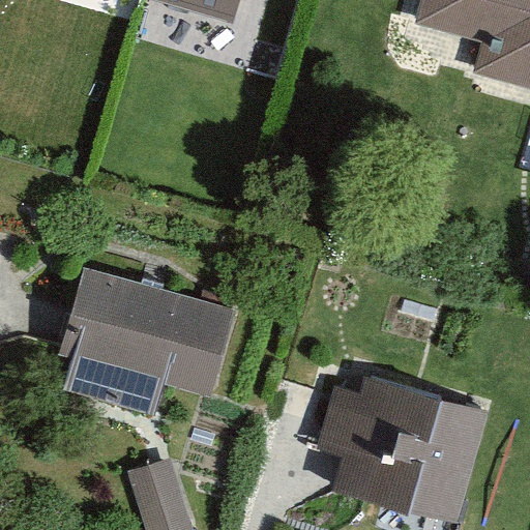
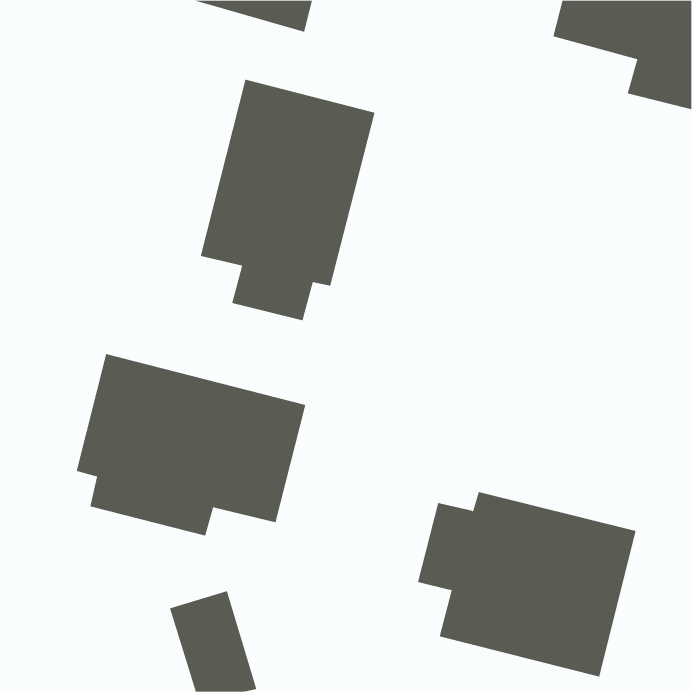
building: none -> [200,79,375,321]

